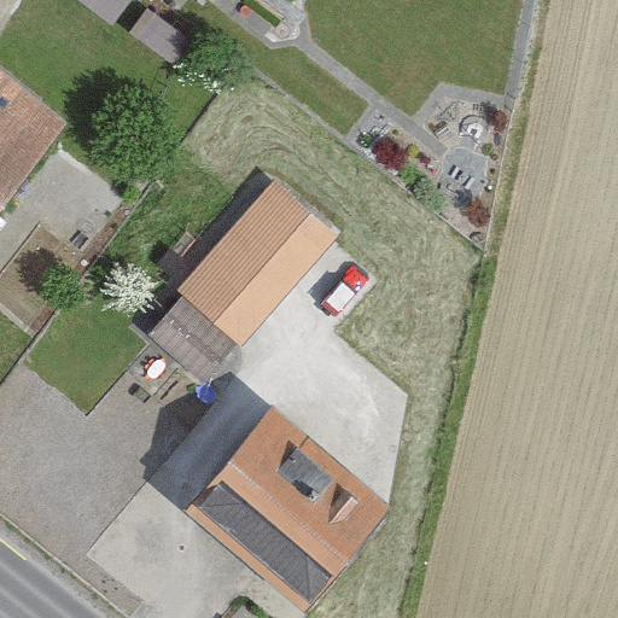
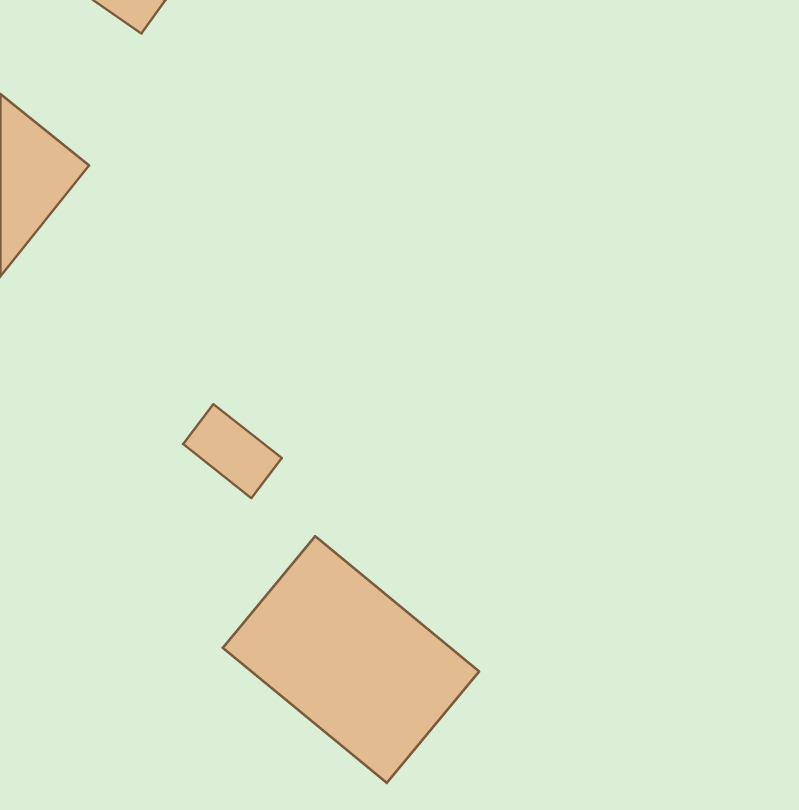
building: [180,190,325,339] -> none

